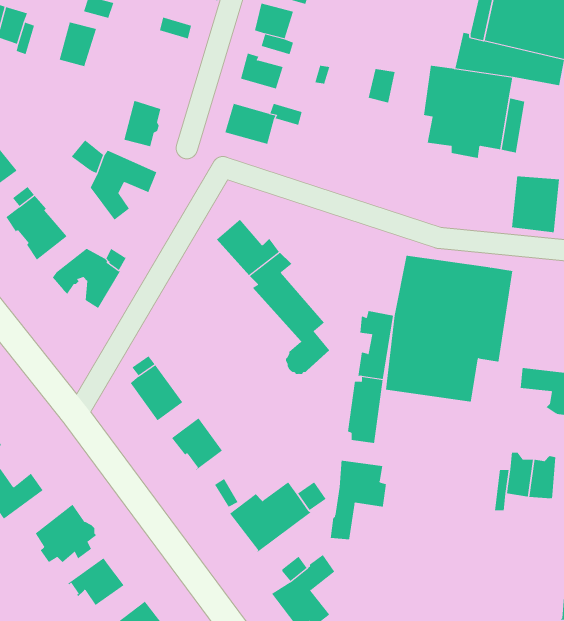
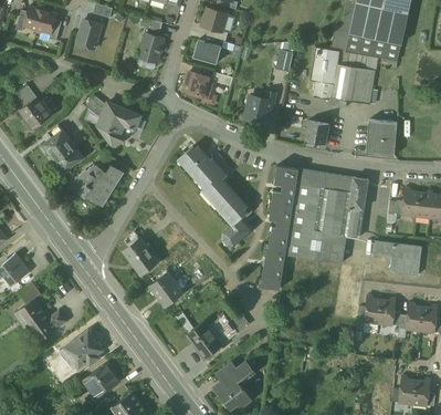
building: [123,100,161,147] -> [139,32,164,62]
building: none -> [245,92,275,123]
building: none -> [305,118,332,144]
building: none -> [272,165,298,208]
building: [330,460,387,540] -> none

